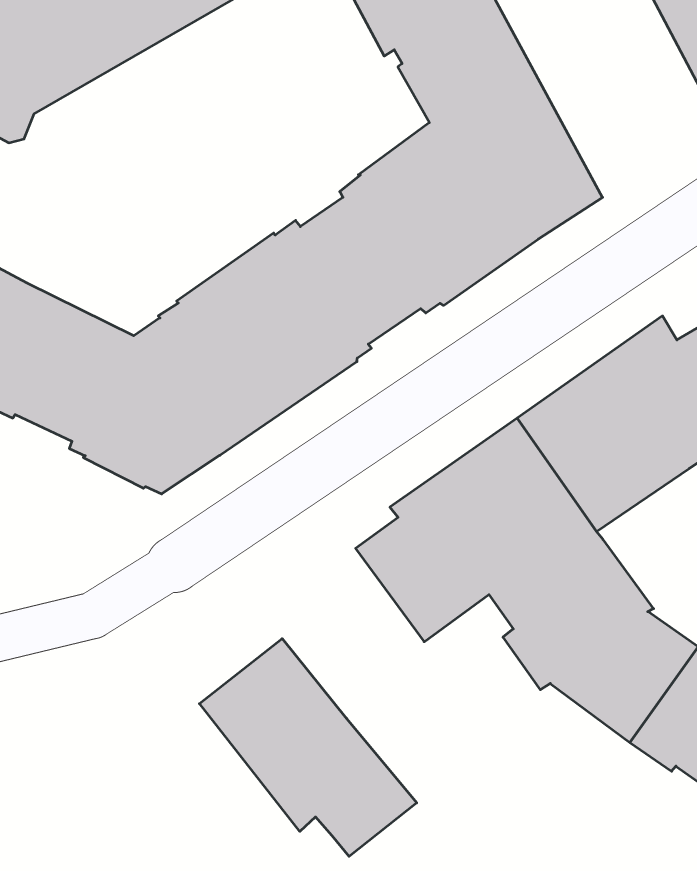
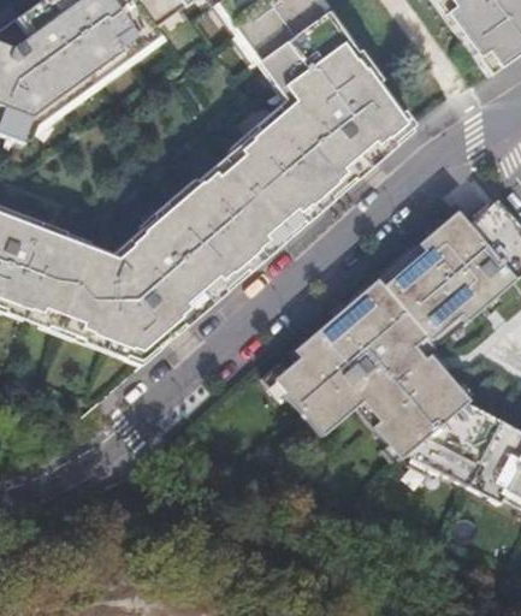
building: [199,639,417,856] -> none

